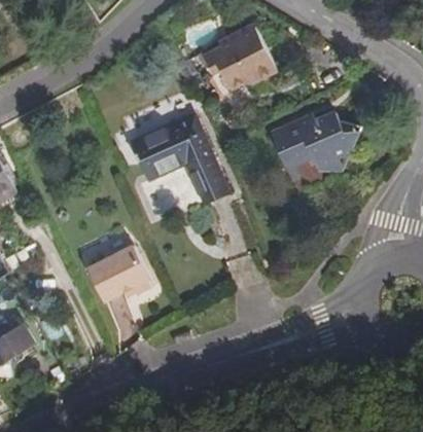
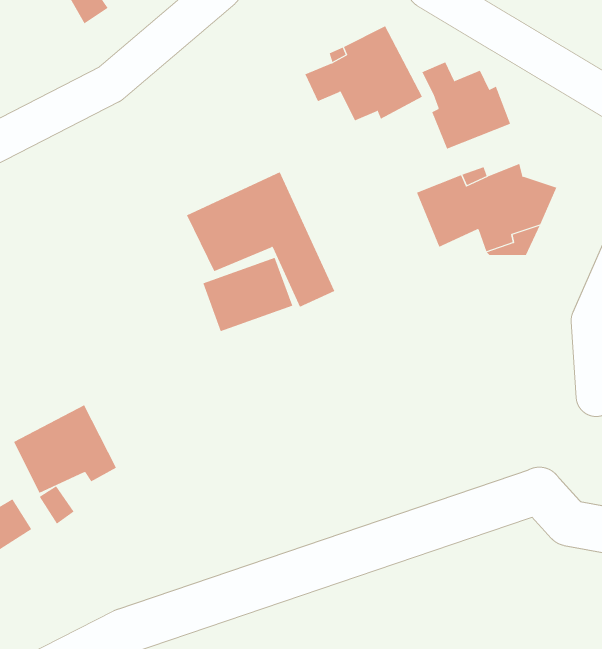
building: none -> [422,61,511,149]
building: [85,245,151,301] -> [13,405,117,494]

